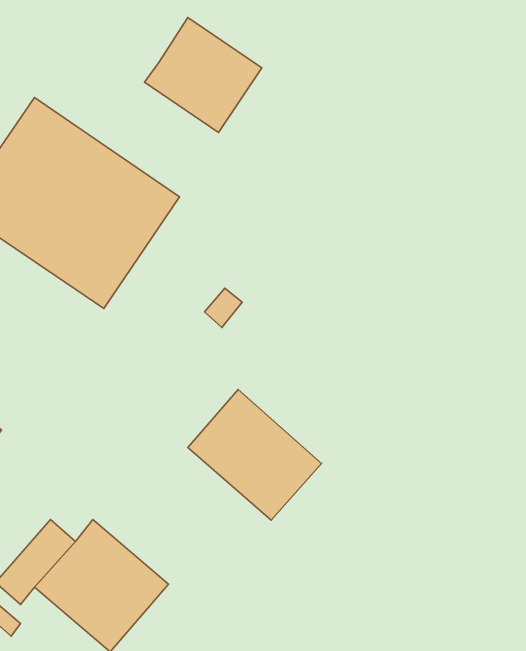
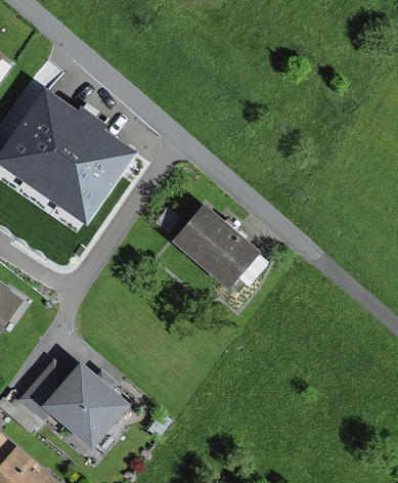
building: [144,18,262,132] -> none
building: [188,389,322,520] -> [172,203,259,288]

